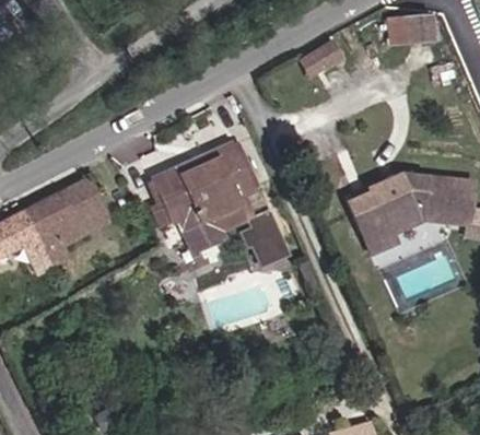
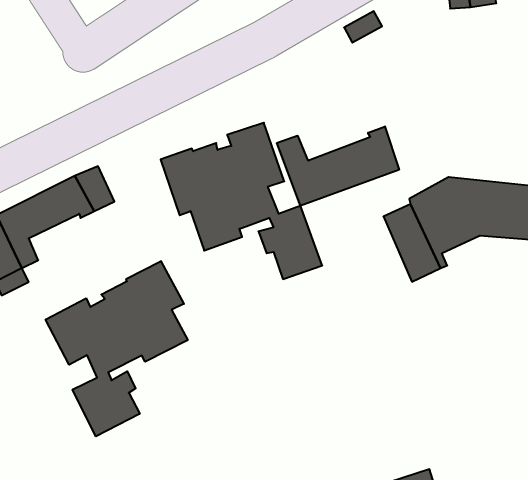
building: none -> [277,126,399,206]
building: none -> [46,261,188,436]

